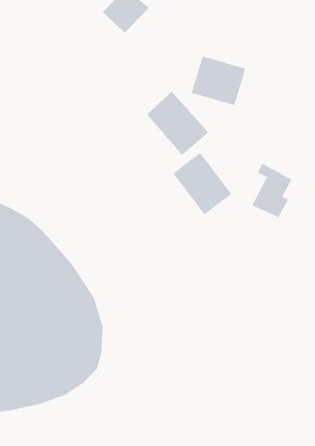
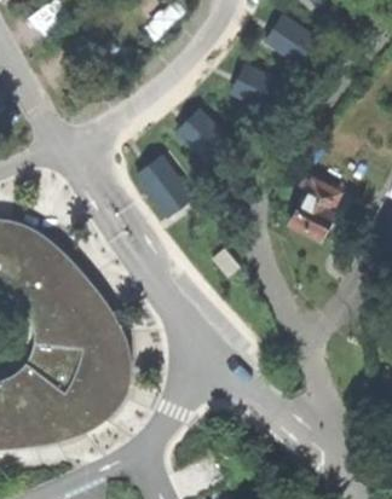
building: none -> [264,10,324,68]
building: [173,152,232,215] -> [133,150,197,217]

